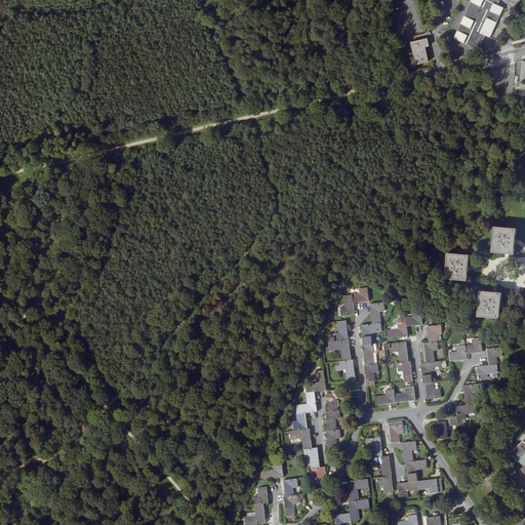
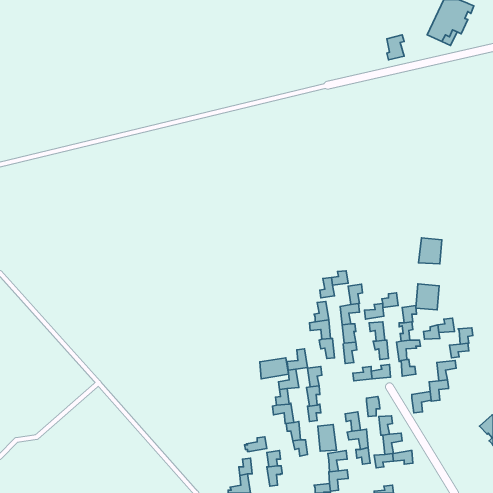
building: [491,226,516,254] -> none
building: [477,290,501,318] -> [416,284,439,310]
building: none -> [260,358,288,379]
building: none -> [318,425,336,451]

